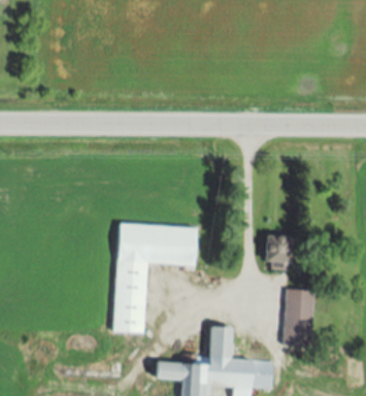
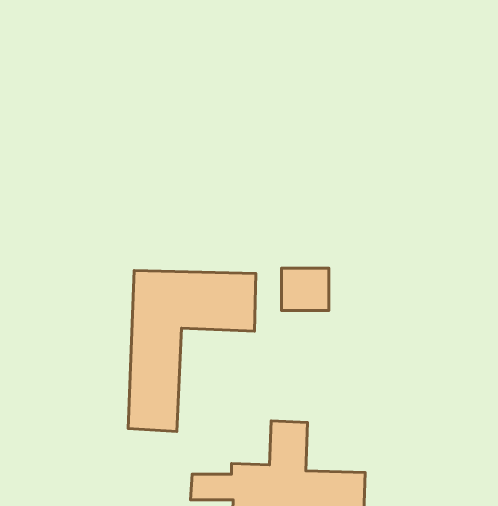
building: [268,234,300,263] -> [282,268,329,311]
building: [285,298,312,345] -> none

